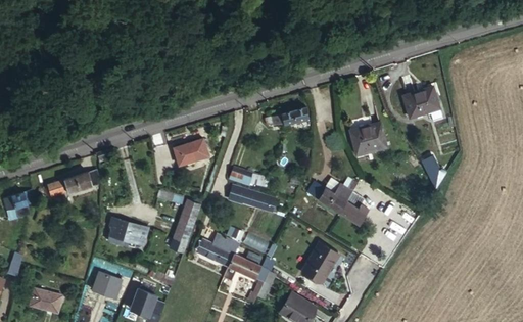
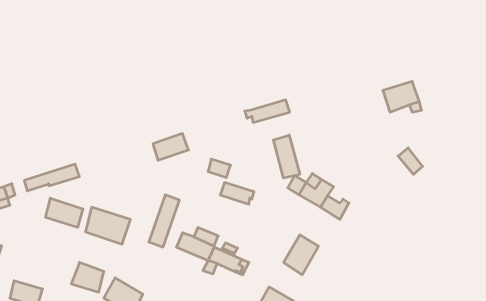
building: [356,122,391,153] -> none
building: none -> [273,135,300,178]
building: none -> [46,198,83,227]

